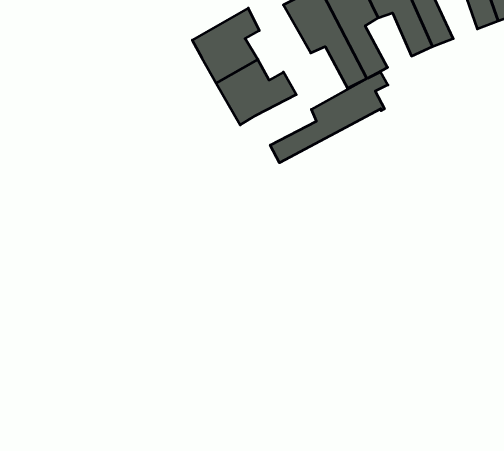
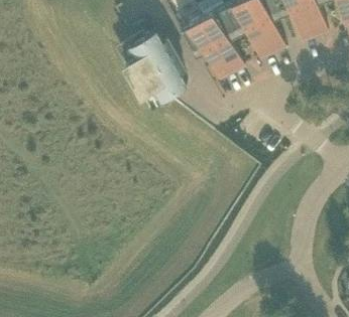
building: [270,72,388,163] -> none

